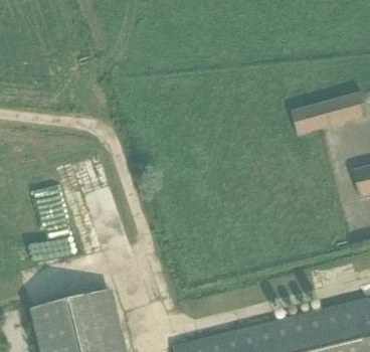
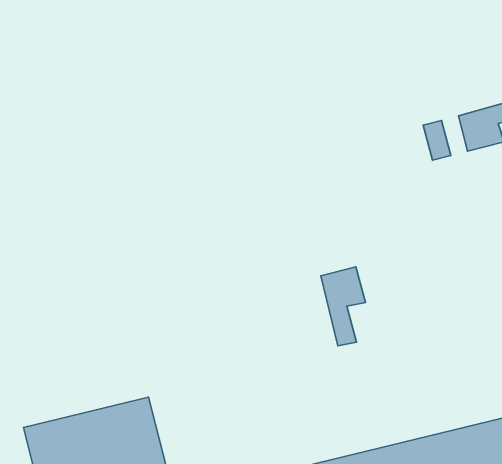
building: none -> [321,267,366,346]

